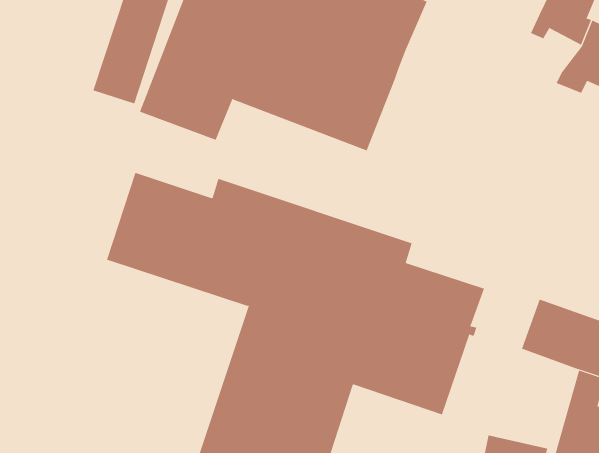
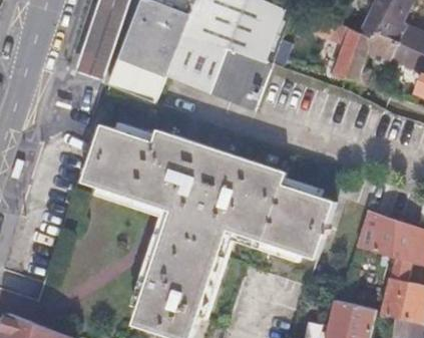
building: none -> [322,17,396,85]

